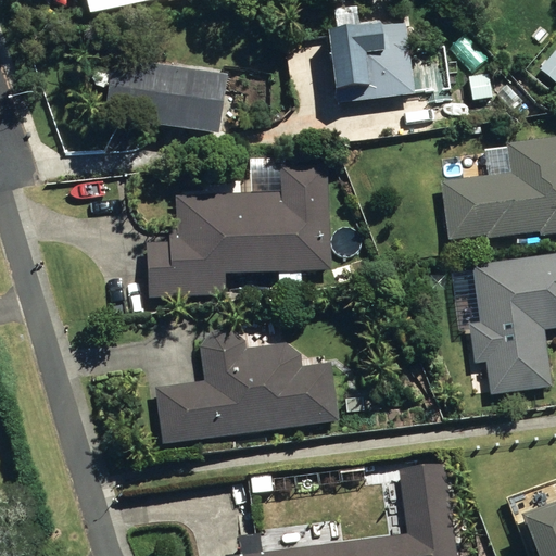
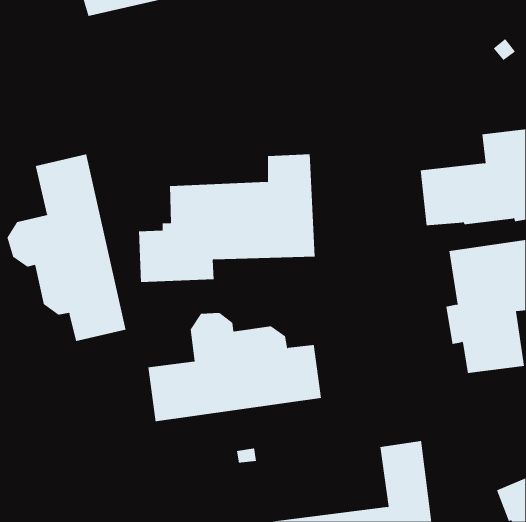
building: [330,24,415,103] -> none
building: [105,56,229,137] -> none
building: none -> [7,153,126,342]

